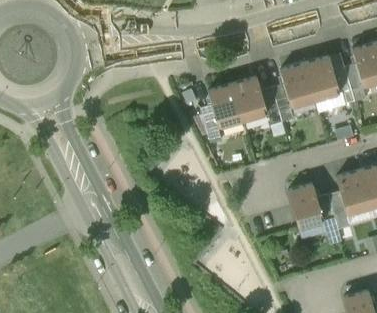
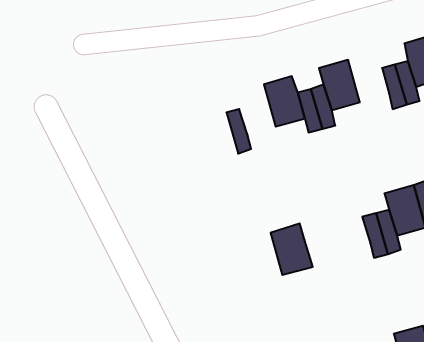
building: [305,56,340,99] -> none
building: [208,84,243,127] -> none
building: [288,183,324,227] -> [271,223,313,275]

